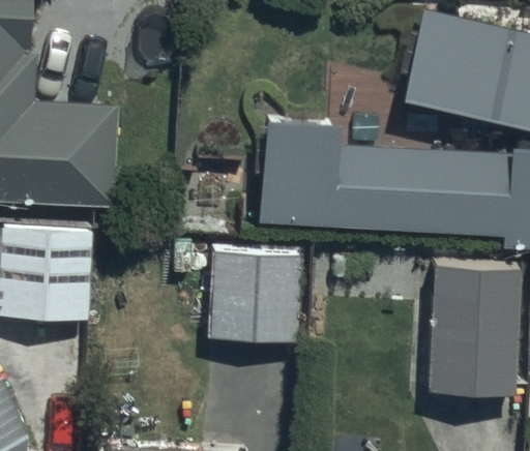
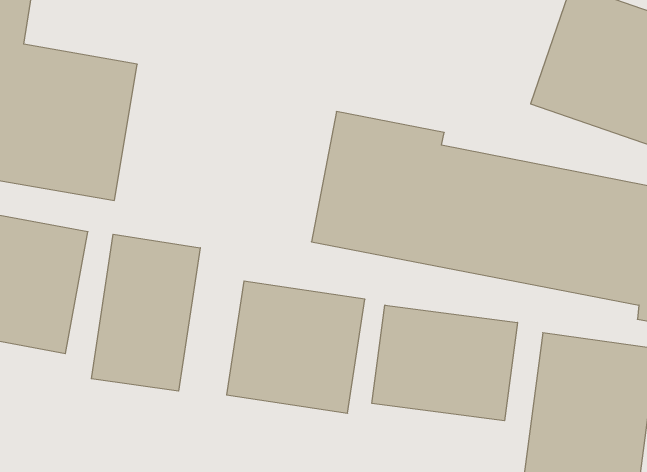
building: none -> [91,234,200,391]
building: none -> [372,305,517,421]

